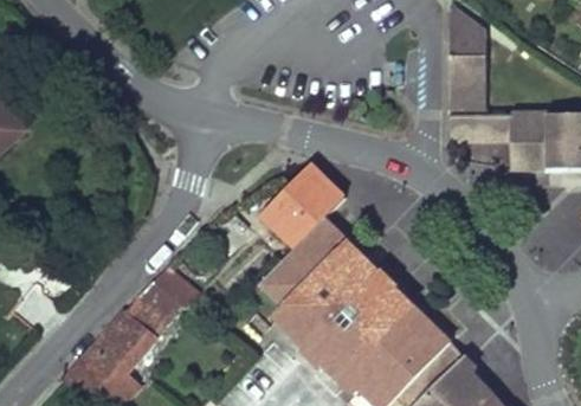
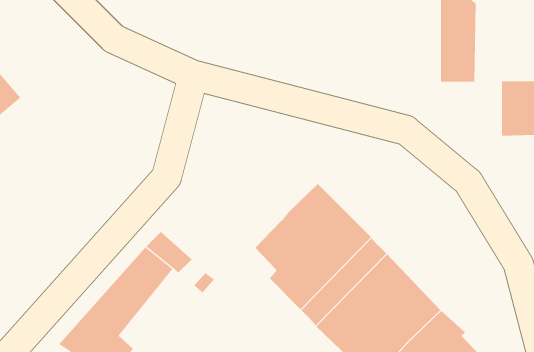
building: [448,115,510,142] -> none
building: [262,163,346,247] -> none

